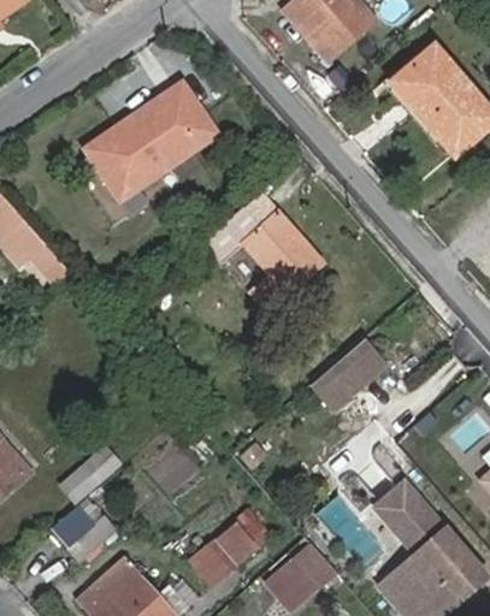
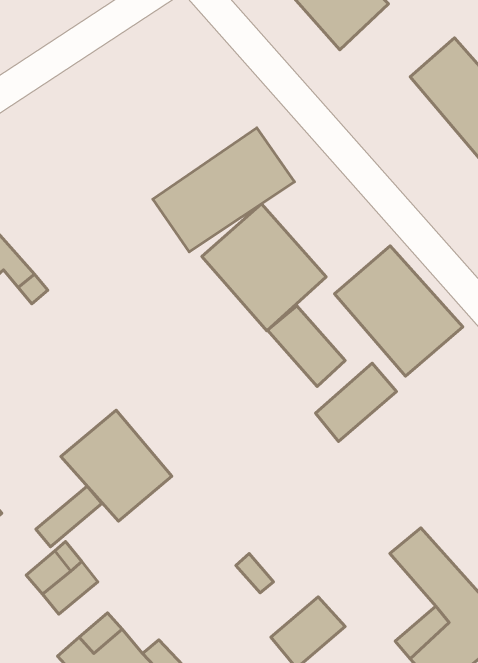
building: [88,87,214,197] -> [153,128,295,252]
building: none -> [335,246,463,376]
building: none -> [267,306,345,386]
building: none -> [61,410,172,521]
building: [191,523,254,585] -> none

